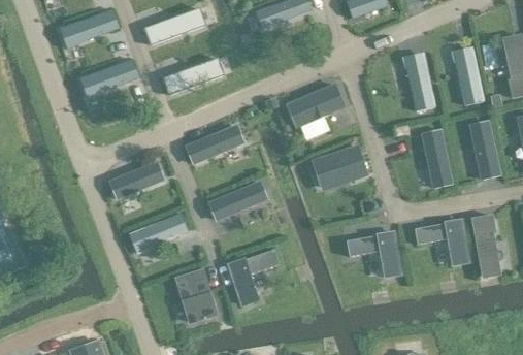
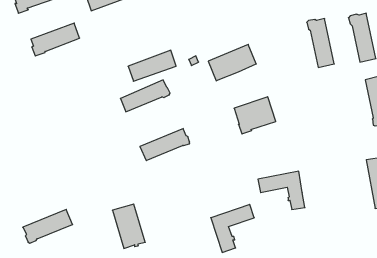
building: [164,58,220,94] -> [128,50,176,81]
building: [422,129,451,187] -> none
building: [110,162,163,198] -> none
building: [130,213,188,252] -> [23,209,73,243]
building: [414,220,468,264] -> none
building: [228,249,279,304] -> [211,204,254,252]

